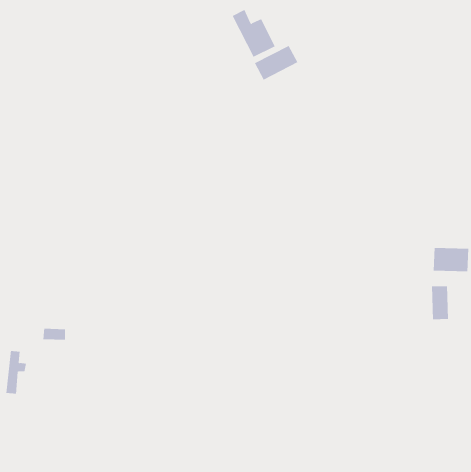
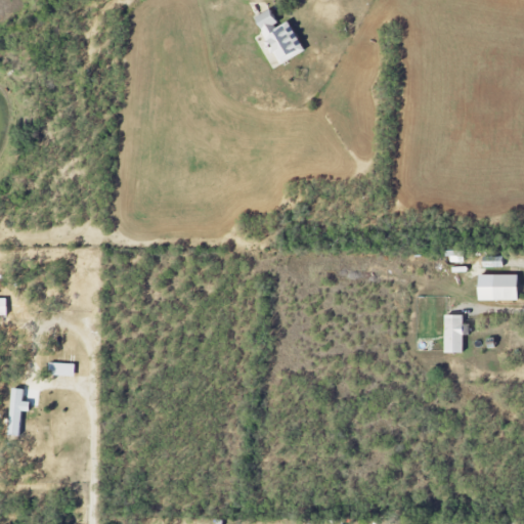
building: [254,45,298,80] -> none
building: [431,286,449,320] -> [443,314,463,352]

